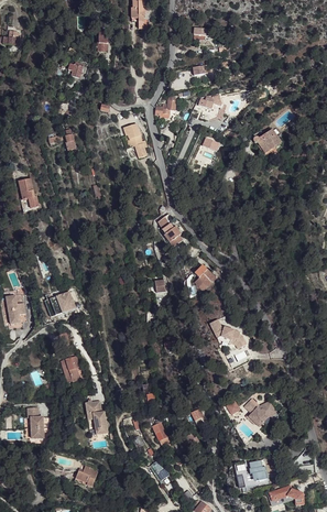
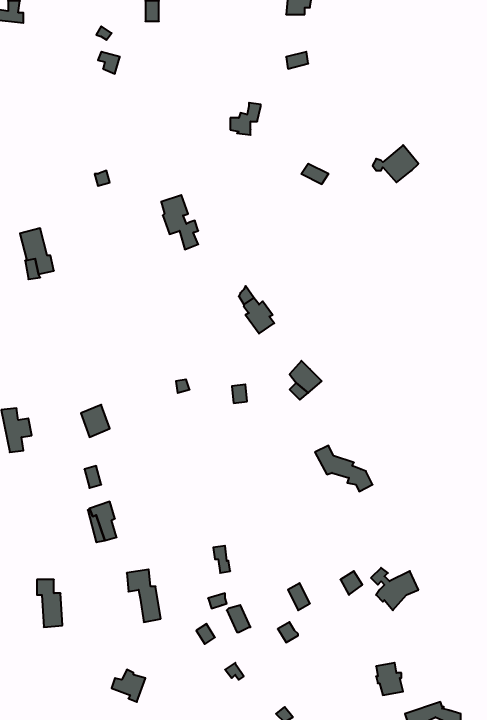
building: [124,122,149,157] -> [161,195,198,249]

